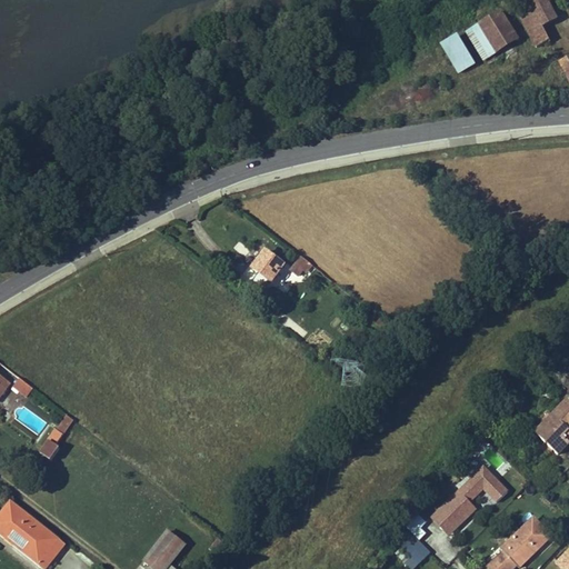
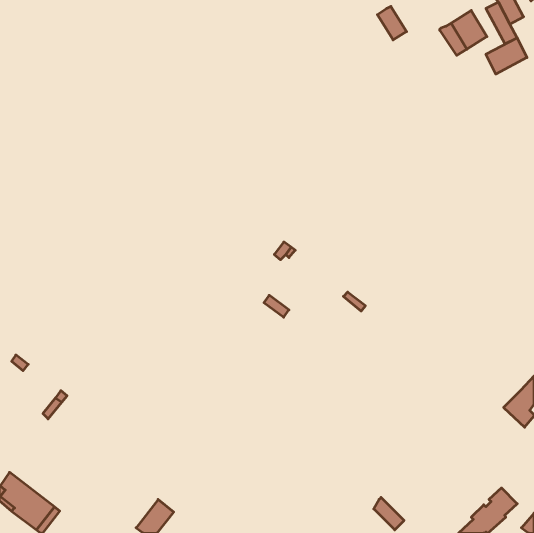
building: [443,37,475,72] -> [377,6,407,40]
building: none -> [486,38,527,74]
building: [252,251,283,281] -> none
building: [429,462,509,533] -> none

